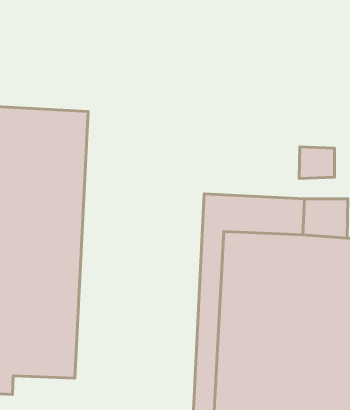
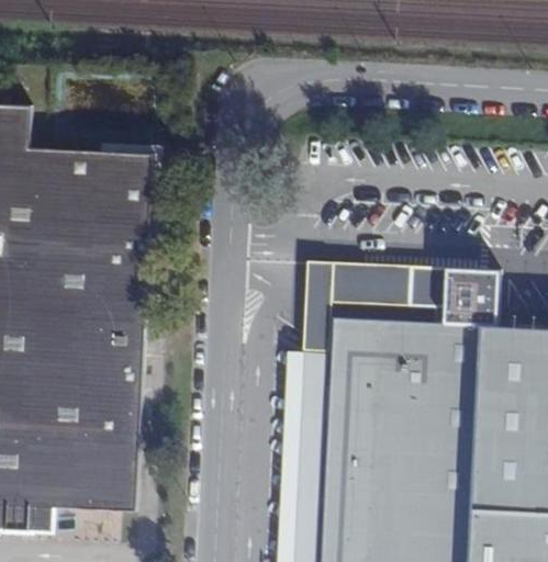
building: [299,147,335,178] -> none

